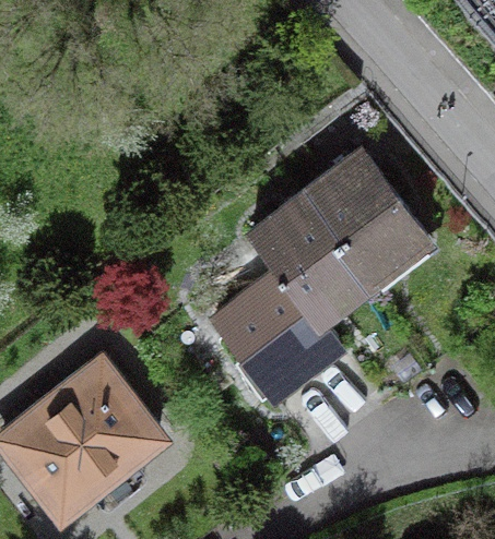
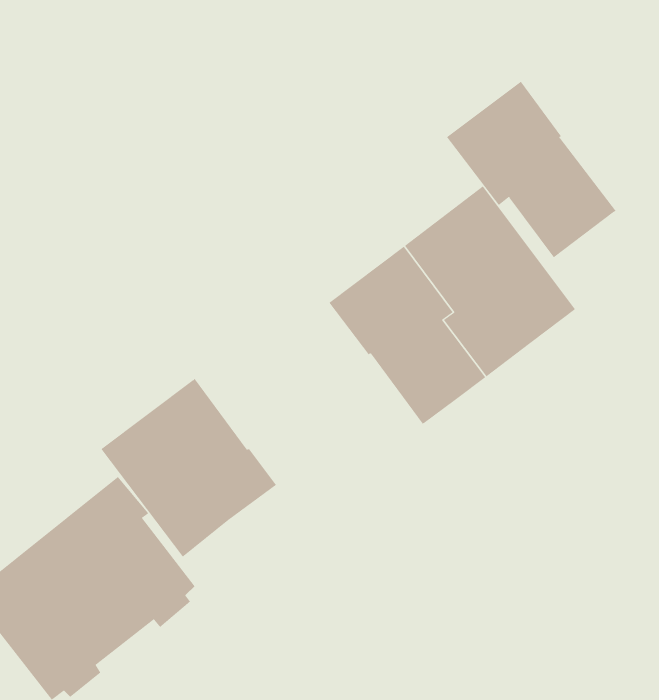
building: none -> [446,81,616,258]
building: [213,270,338,396] -> [100,378,277,557]

